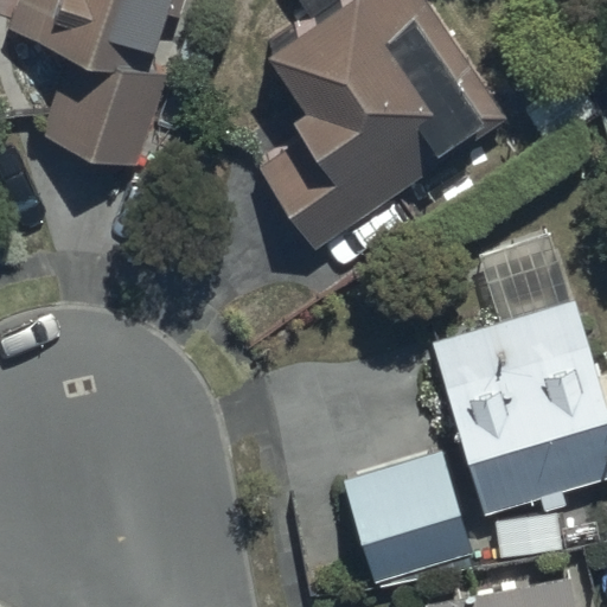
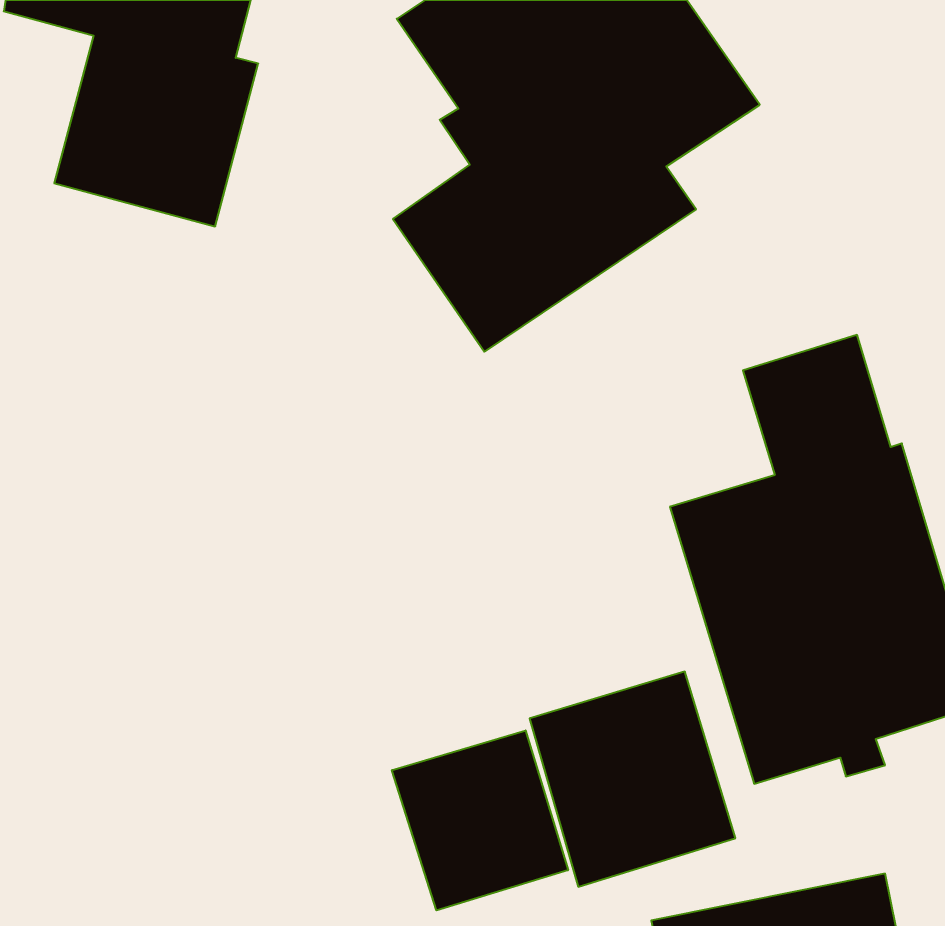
building: none -> [392,730,568,910]

